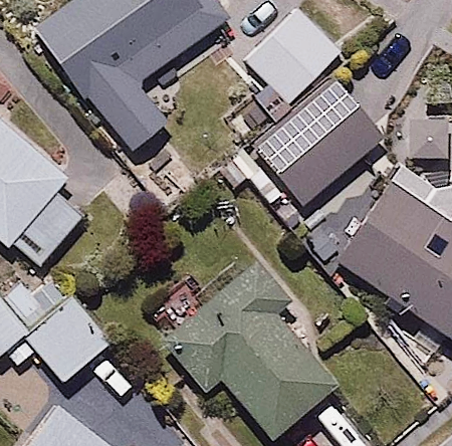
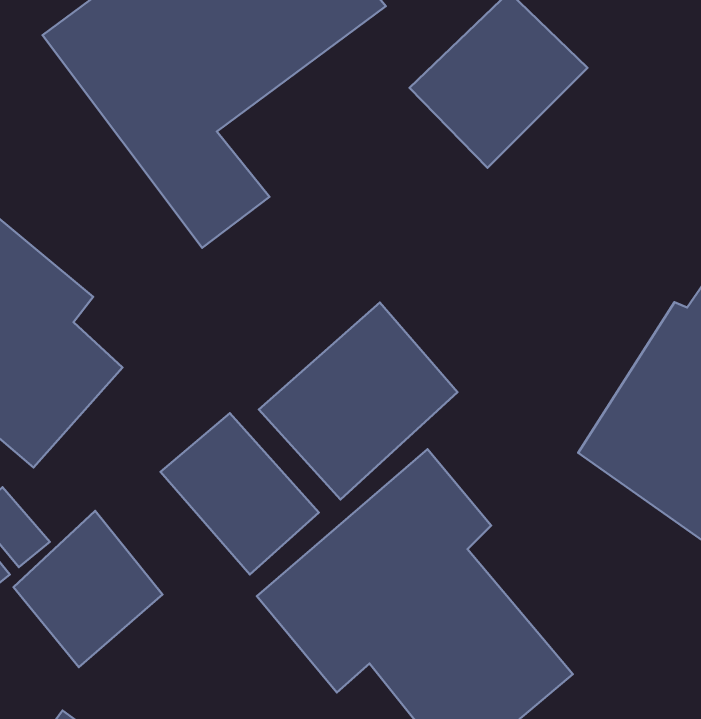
building: [251,78,383,206] -> none
building: none -> [259,303,457,500]
building: none -> [160,413,319,574]

